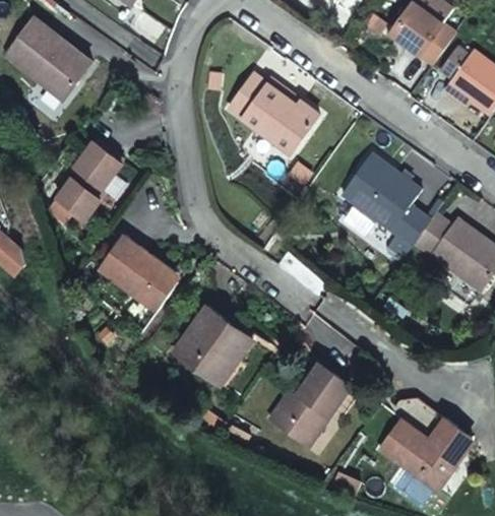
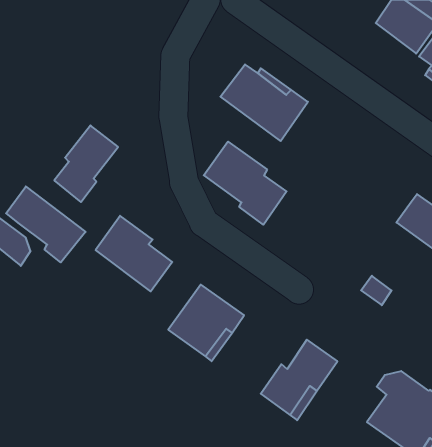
building: [5,19,90,98] -> none
building: [338,153,426,258] -> none
building: none -> [204,142,287,225]
building: none -> [6,186,86,262]

